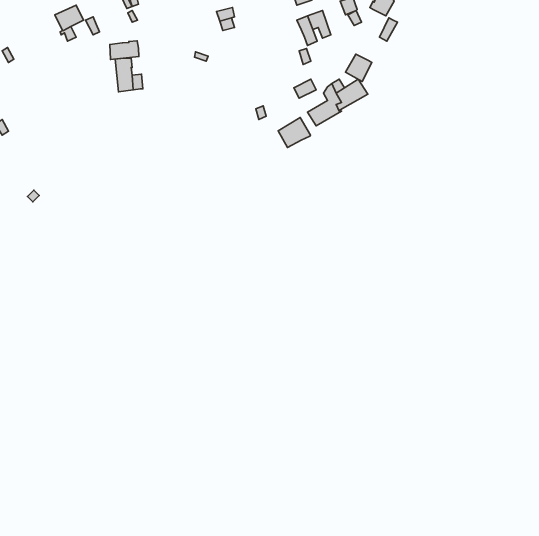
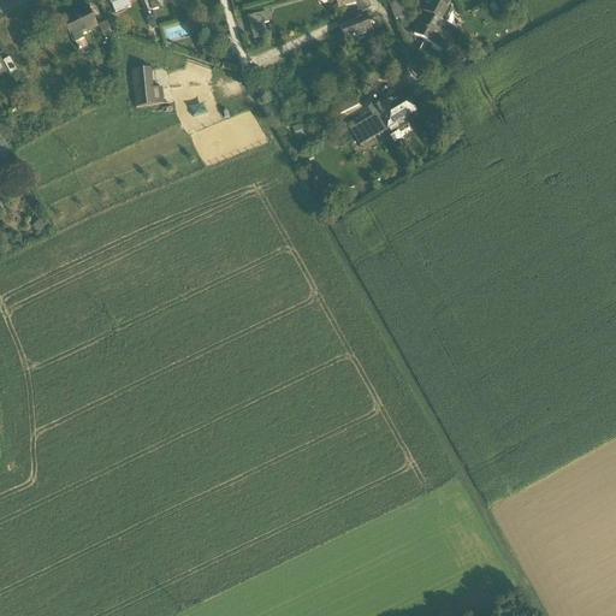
building: [110,41,139,59] -> none
building: [345,54,372,82] -> [413,11,443,42]
building: [278,118,310,148] -> none

